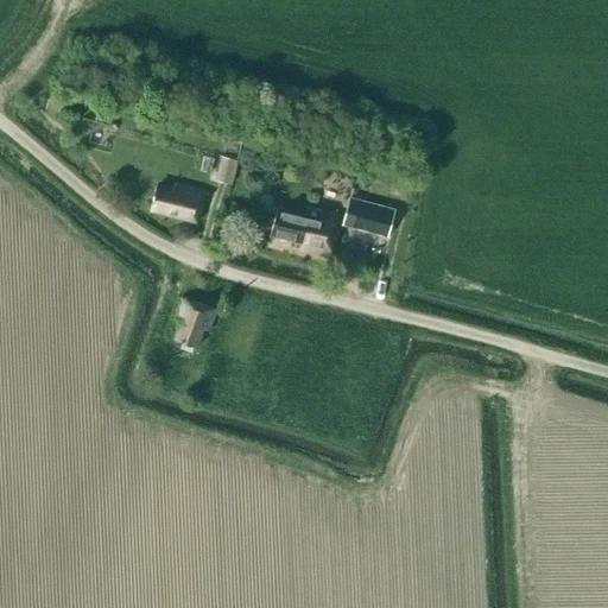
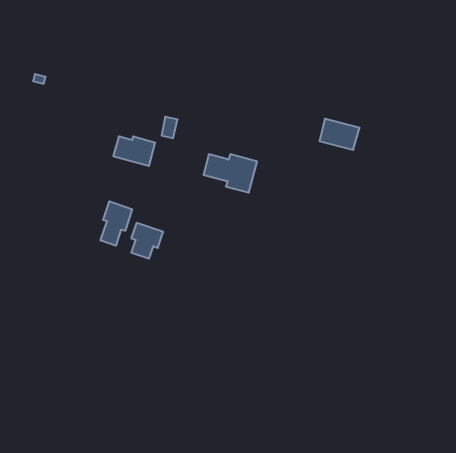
building: [342,198,395,240] -> [319,119,360,150]
building: none -> [101,201,132,246]

